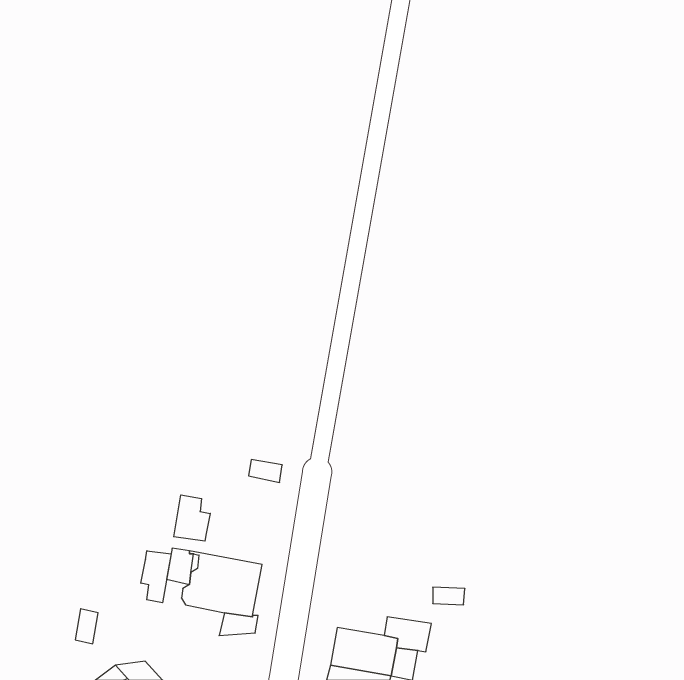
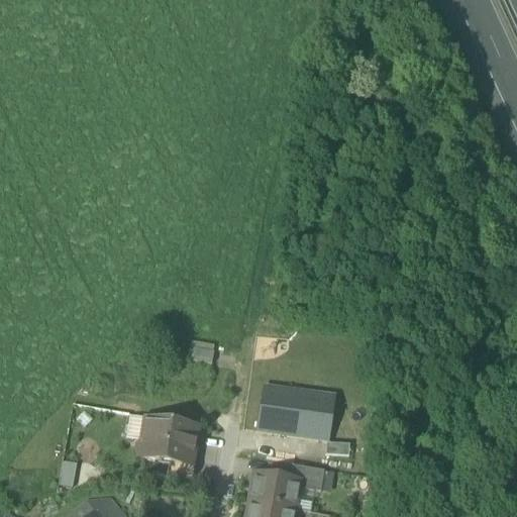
building: [174,495,210,541] -> none
building: none -> [257,384,336,439]
building: [141,551,171,603] -> none

